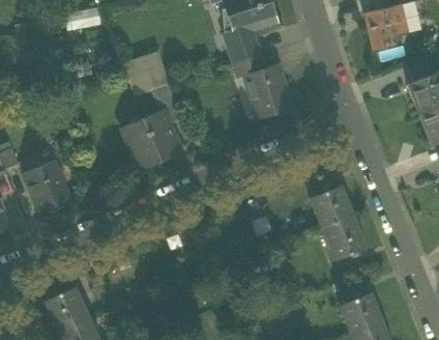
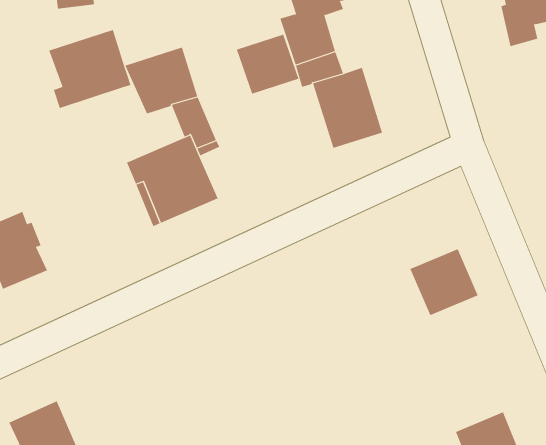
building: none -> [49,29,131,109]
building: none -> [236,34,299,95]
building: [323,217,368,261] -> none

